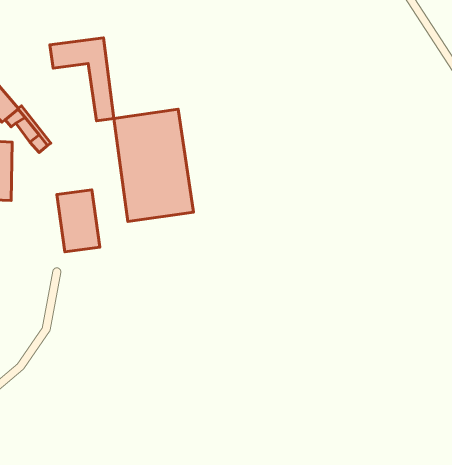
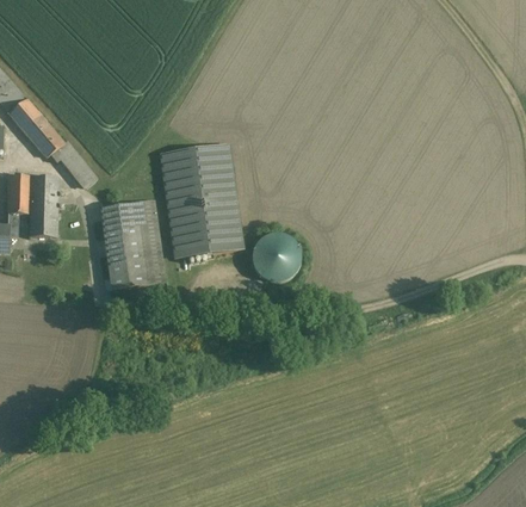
building: [50,38,114,121] -> [99,199,165,284]
building: none -> [250,233,299,280]

